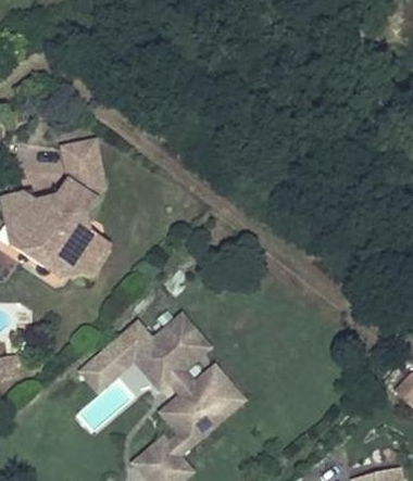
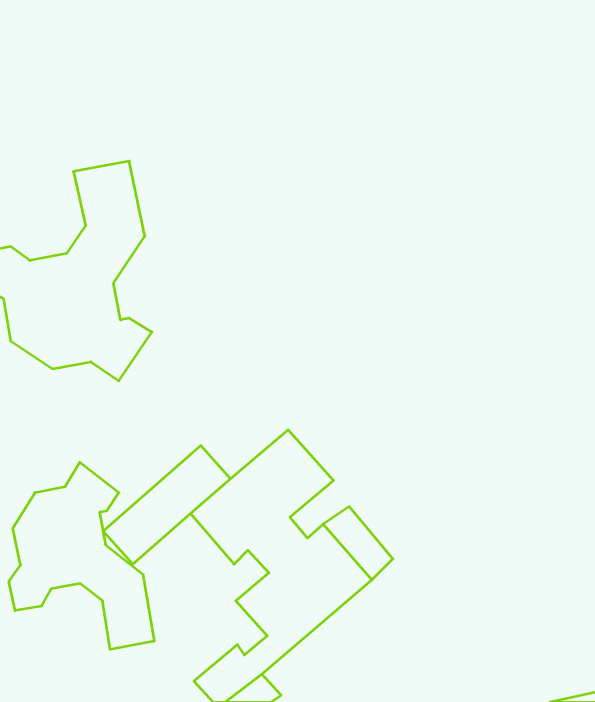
building: none -> [9,462,154,649]

